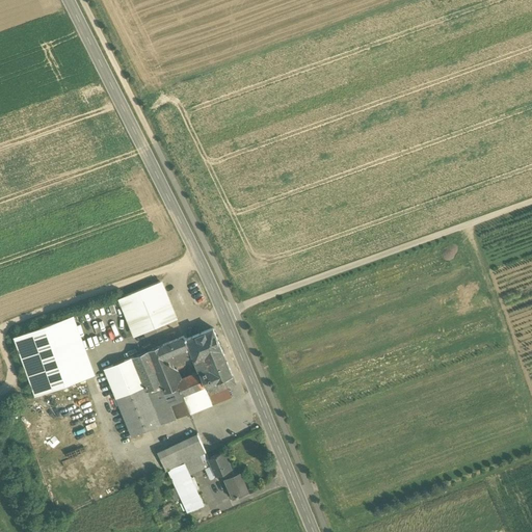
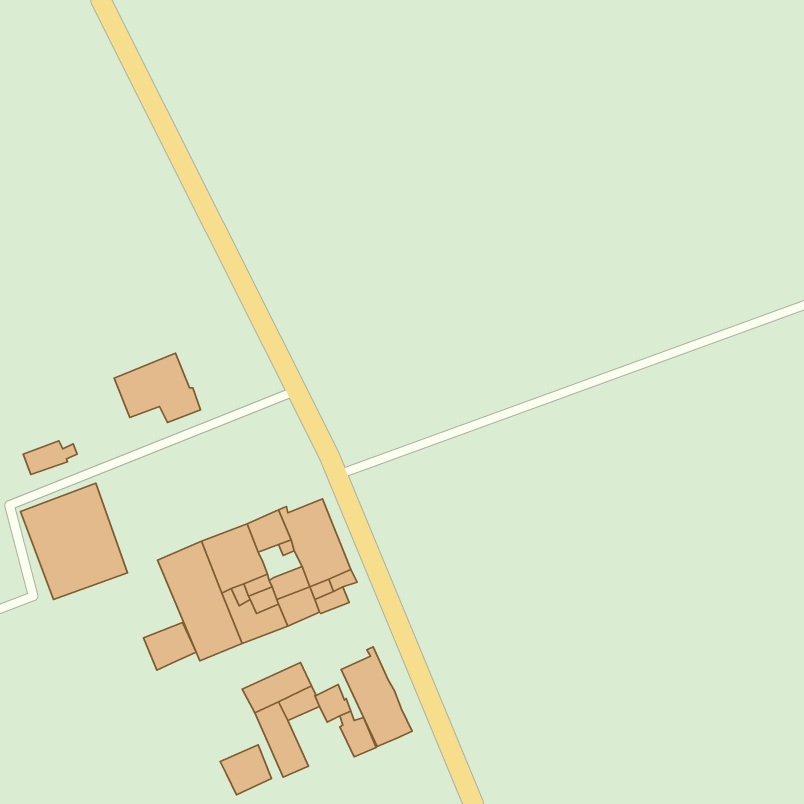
building: [119,283,177,328] -> [114,353,201,422]
building: none -> [23,441,77,474]
building: none -> [143,622,196,670]
building: none -> [341,647,412,747]
building: none -> [220,745,272,795]

